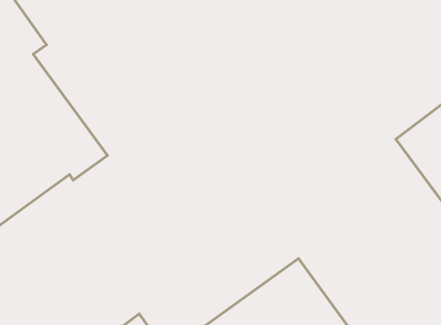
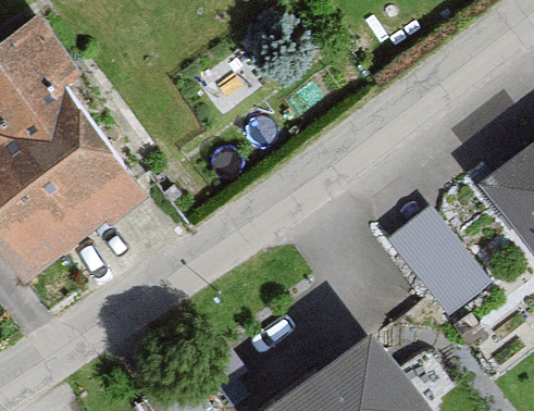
building: none -> [388,210,497,328]

